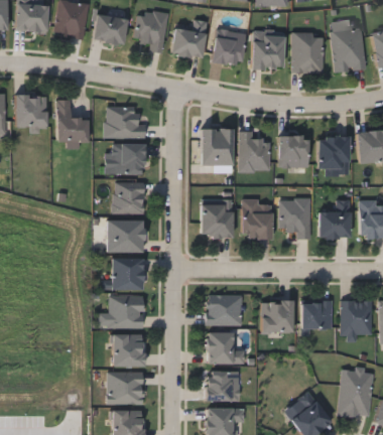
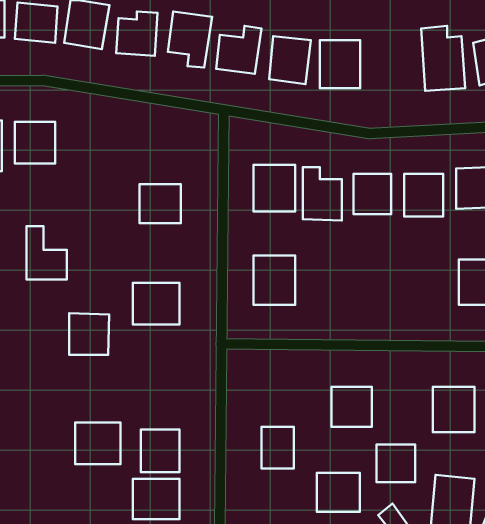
building: [292,33,324,74] -> none
building: [57,101,89,142] -> [27,226,67,280]
building: [105,107,141,138] -> none
building: [114,182,144,213] -> none
building: [280,198,311,239] -> none
building: [243,200,272,239] -> none
building: [320,200,351,239] -> none
building: [113,258,144,290] -> [69,313,109,355]
building: [206,295,241,324] -> none
building: [109,296,144,328] -> [75,423,120,464]
building: [301,301,332,330] -> [376,444,415,482]
building: [207,372,240,402] -> [317,473,360,512]

